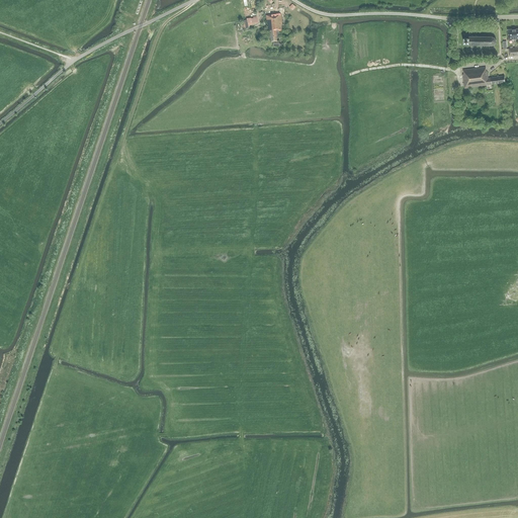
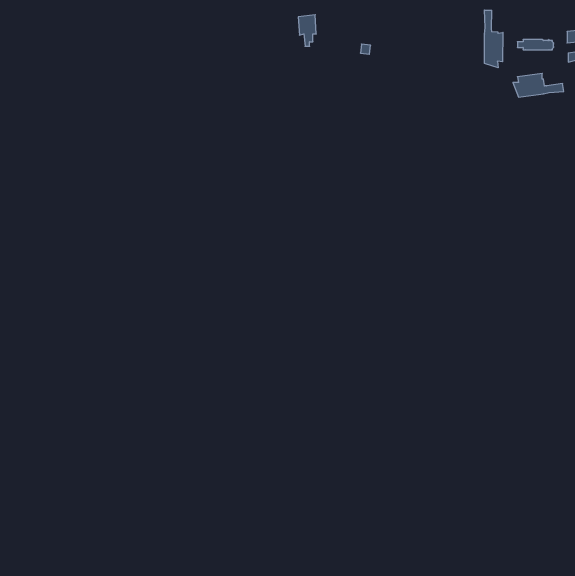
building: none -> [484,10,503,68]

